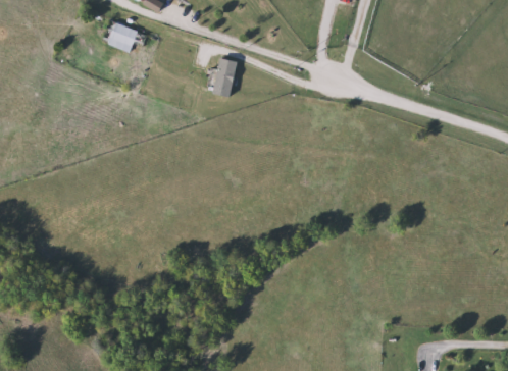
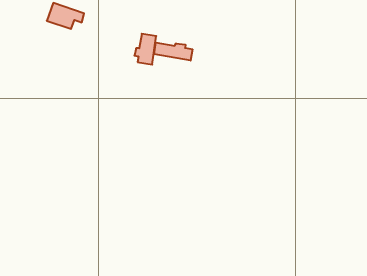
building: none -> [154,43,192,61]

